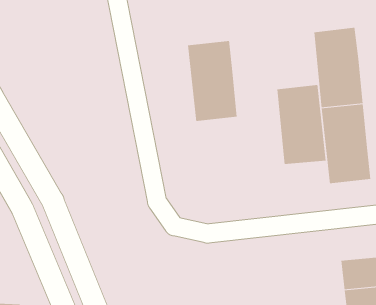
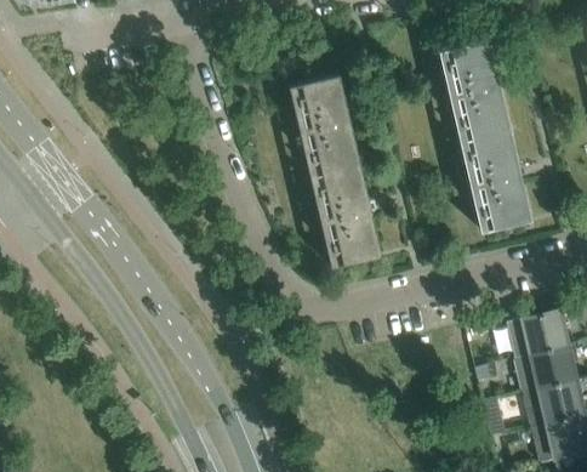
building: [276,84,327,164] -> [310,165,382,267]

